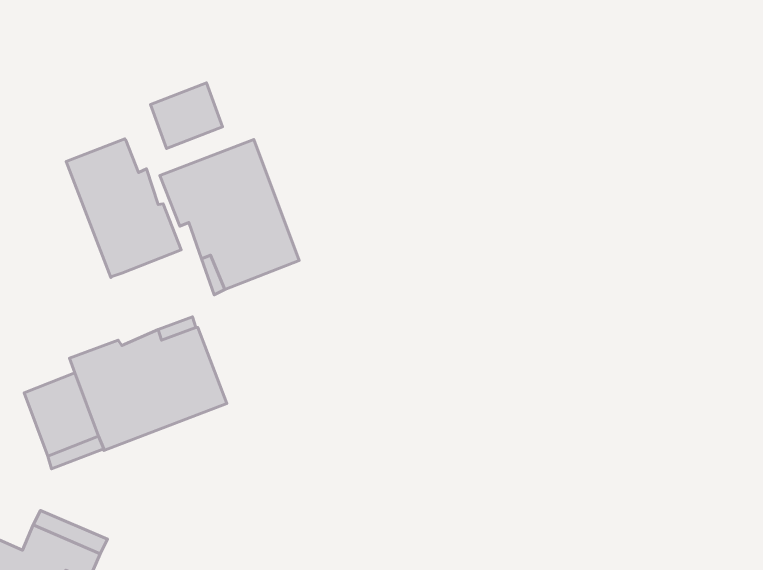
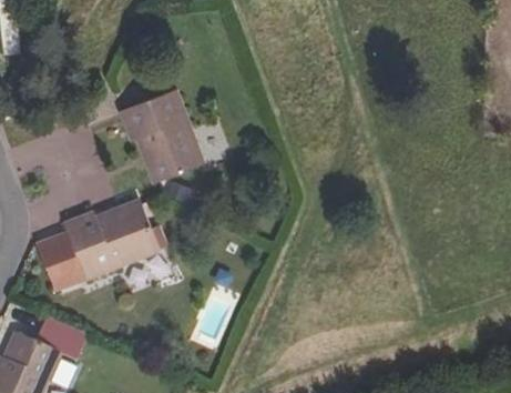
building: [150,83,223,149] -> none
building: [66,139,181,278] -> none

